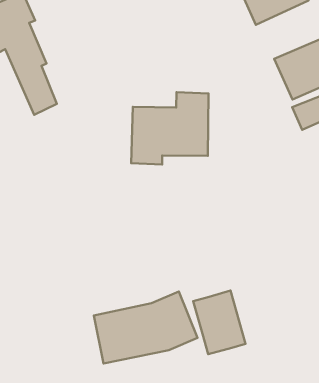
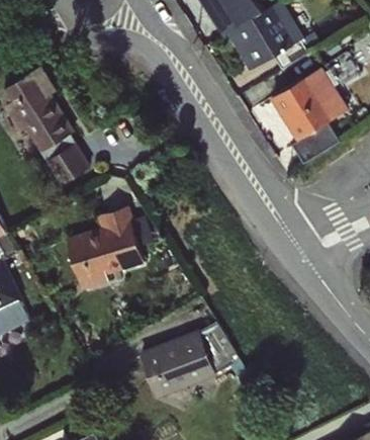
building: [131,92,208,165] -> [70,217,145,291]
building: [193,291,245,354] -> none

